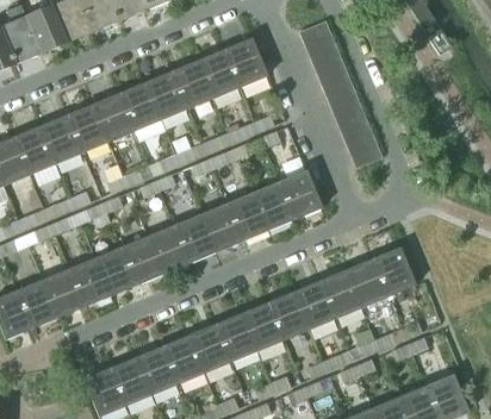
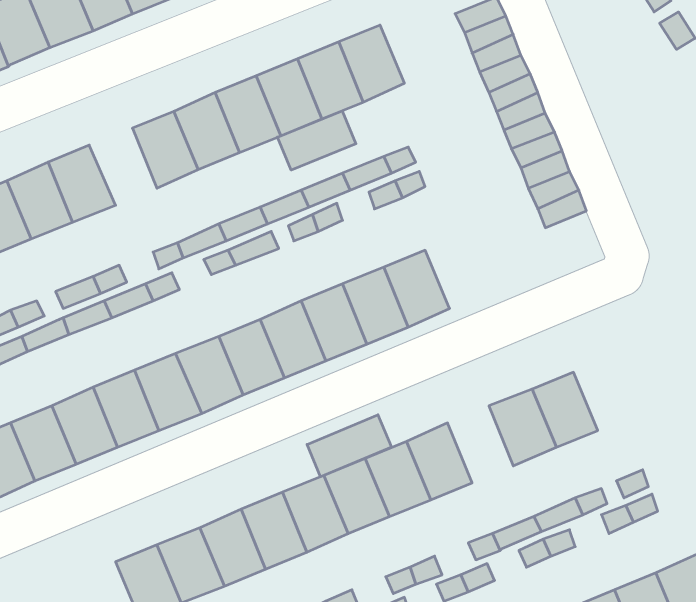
building: none -> [277,111,356,170]
building: [67,104,110,152] -> none
building: [280,170,322,218] -> none
building: [374,248,416,295] -> none
building: [294,280,336,329] -> none
building: none -> [307,415,391,477]

